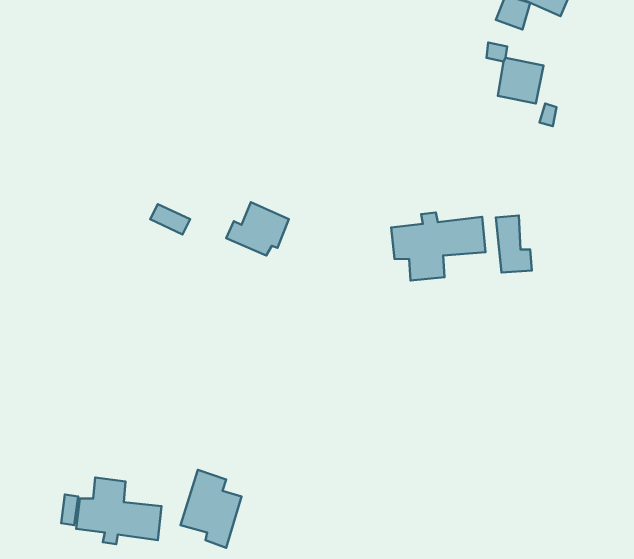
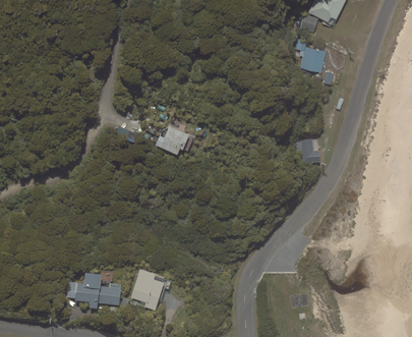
building: [391,212,485,281] -> none

